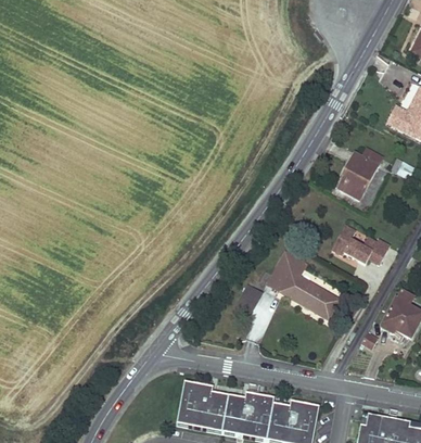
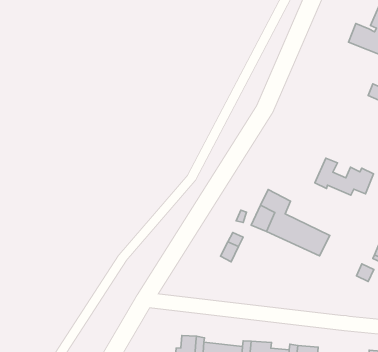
building: [337,148,382,199] -> none

